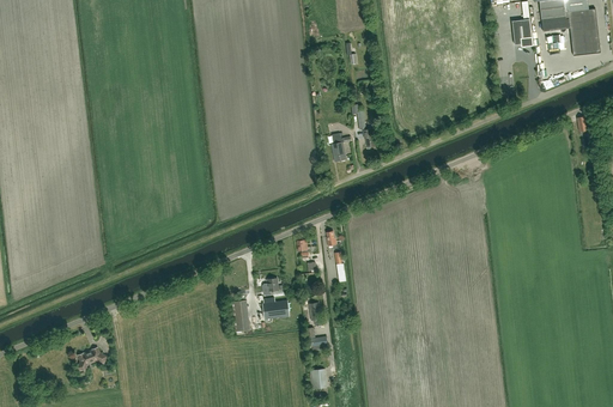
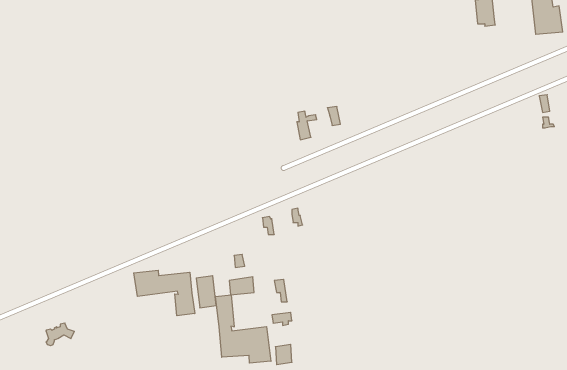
building: none -> [134,270,195,316]
building: none -> [216,295,271,363]

